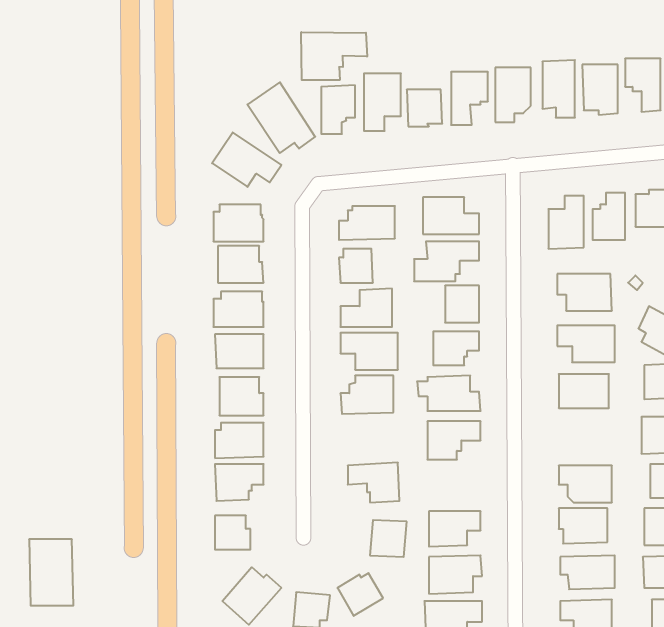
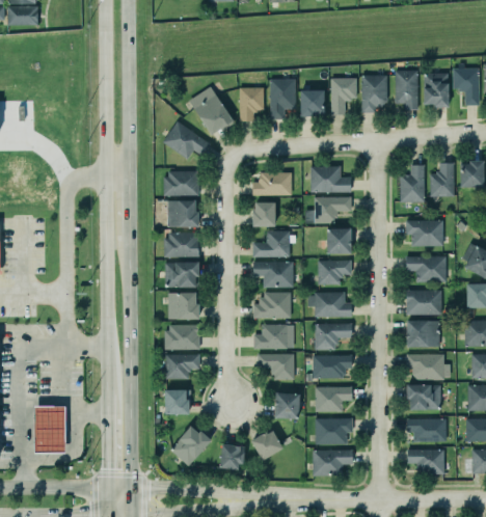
building: [301,32,367,80] -> none
building: none -> [407,321,440,348]
building: none -> [253,324,293,349]
building: none -> [313,355,352,378]

